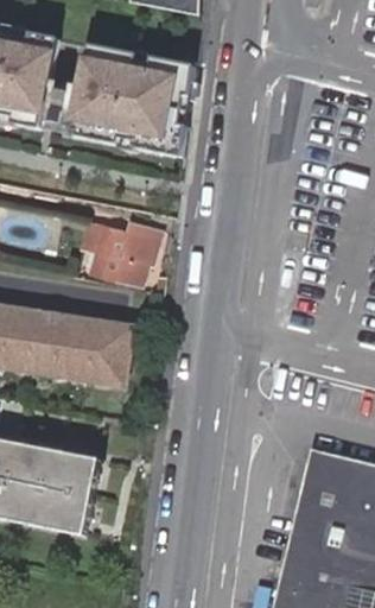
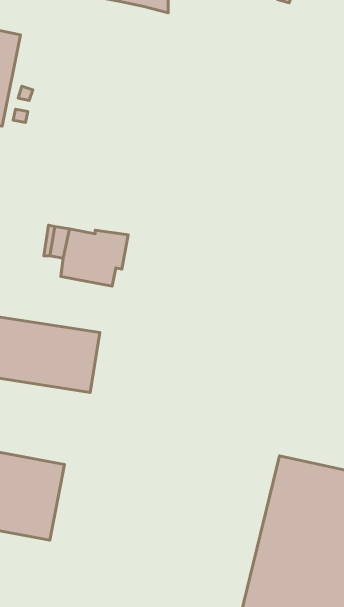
building: [66,44,196,157] -> none

